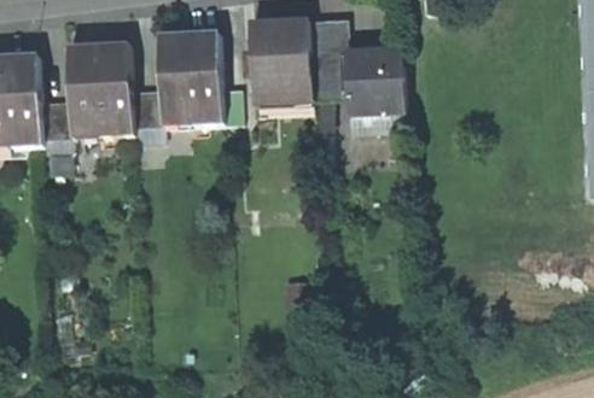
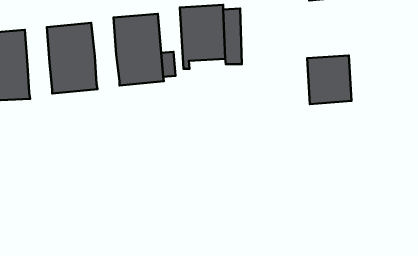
building: [344,48,404,115] -> [307,56,351,104]
building: [130,86,164,125] -> none
building: [39,96,72,137] -> none

